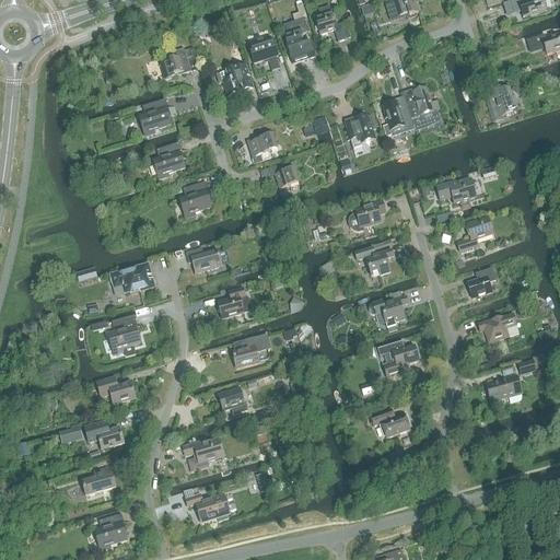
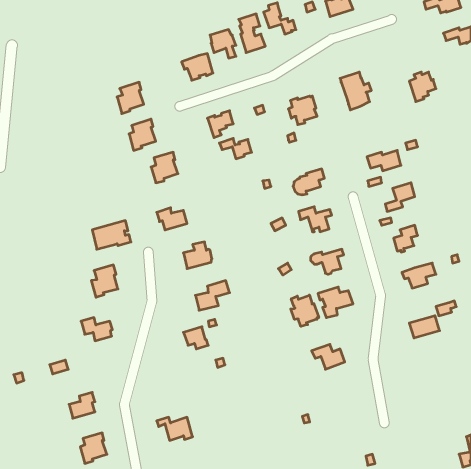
building: [161,46,192,78] -> none
building: [380,97,413,131] -> none
building: none -> [291,295,319,326]
building: [85,422,121,450] -> none
building: [183,439,223,470] -> none

